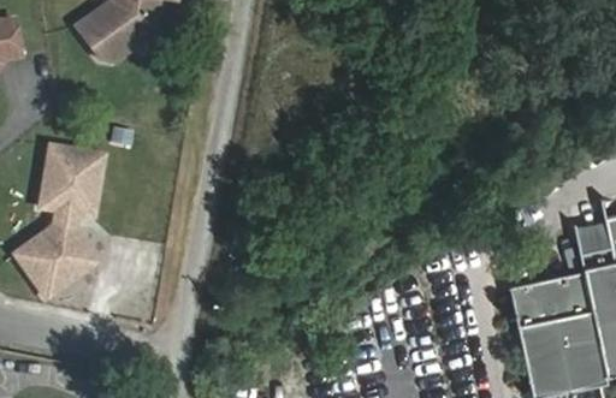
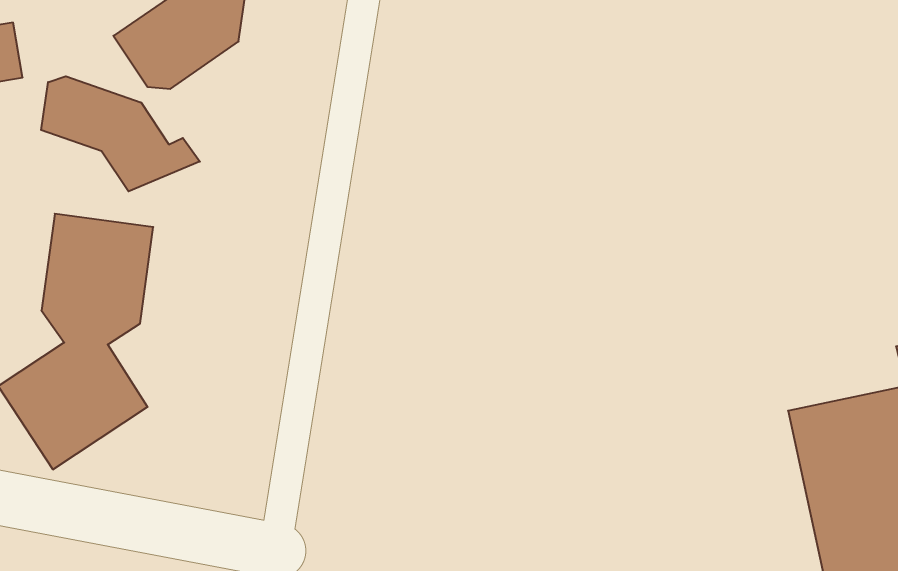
building: none -> [41,76,200,191]

